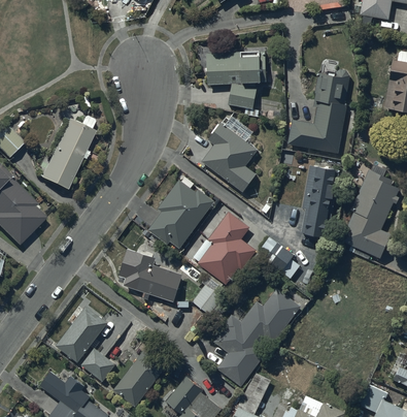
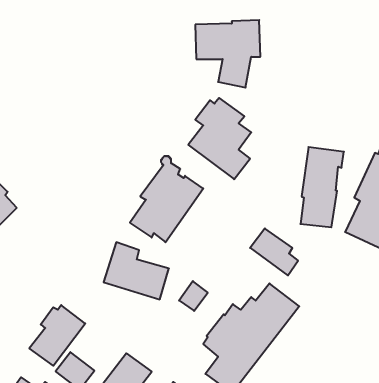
building: [286,70,350,153] -> none
building: [40,114,96,189] -> none
building: [192,211,256,285] -> none

